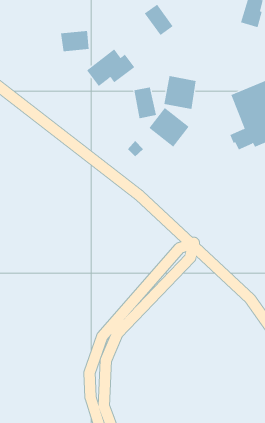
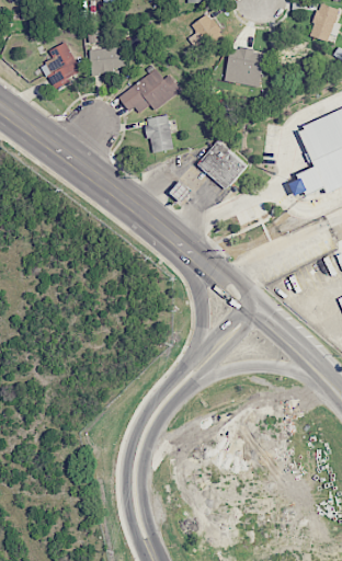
building: none -> [43,42,81,88]
building: [164,76,197,109] -> [225,46,265,88]
building: [134,87,157,119] -> [146,114,174,153]

